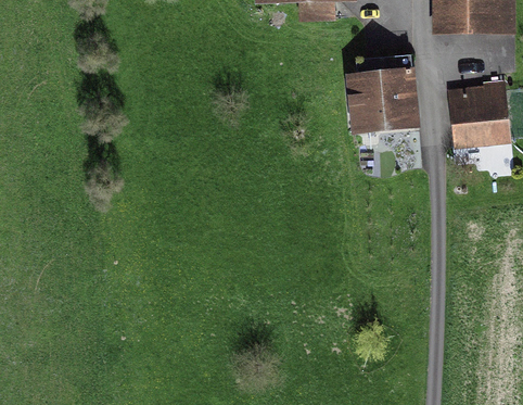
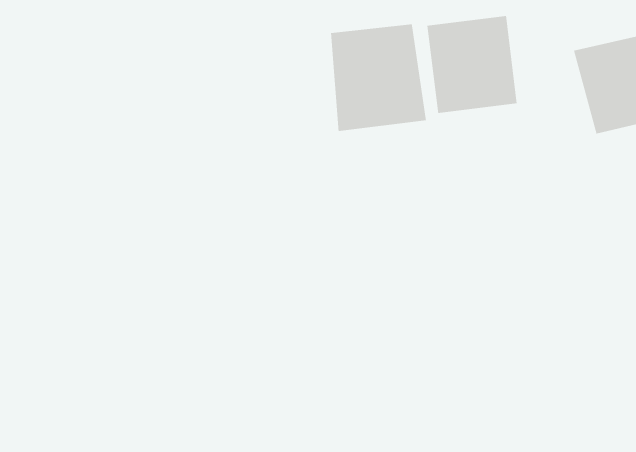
building: none -> [330,23,427,132]

